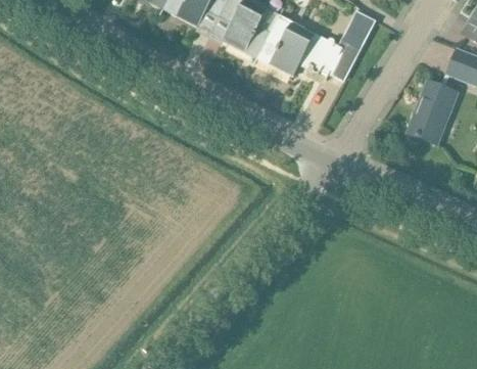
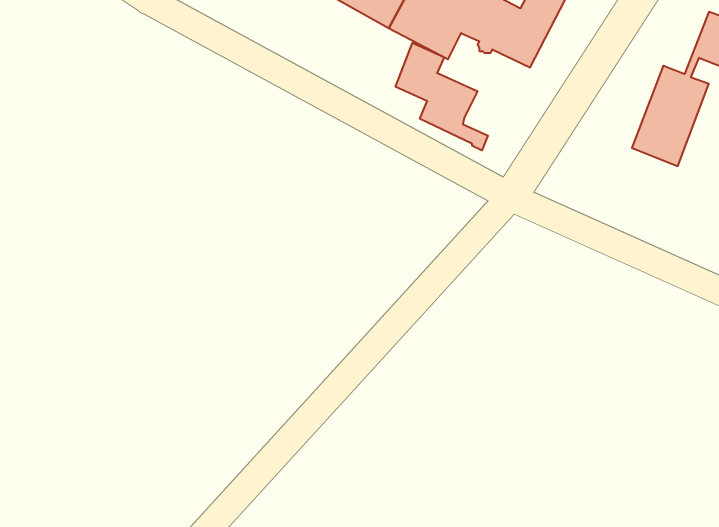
building: none -> [396,43,488,150]

